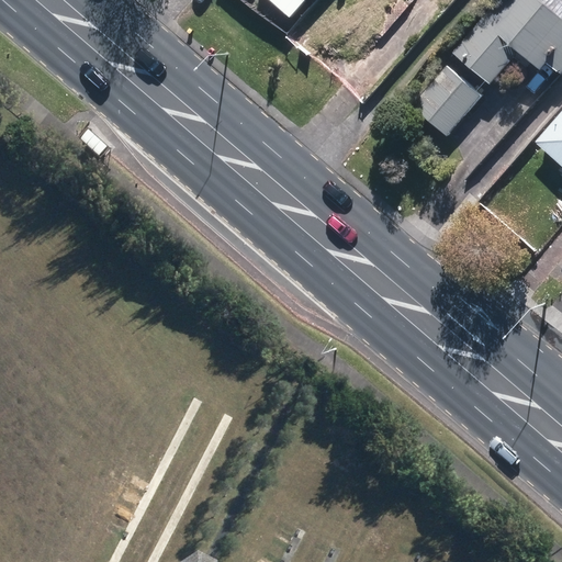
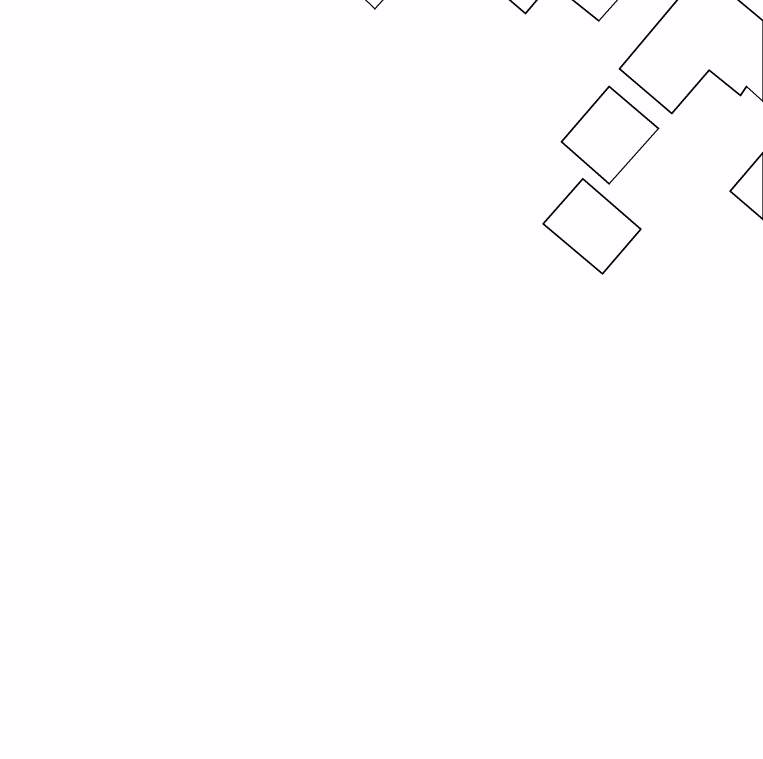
building: none -> [543,179,641,274]

